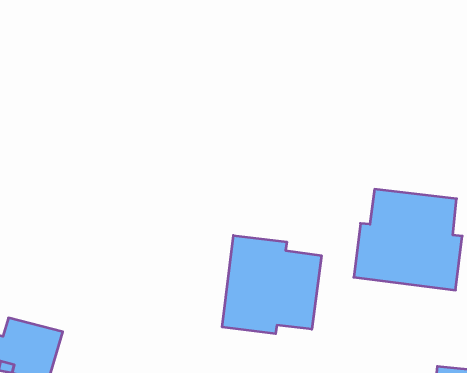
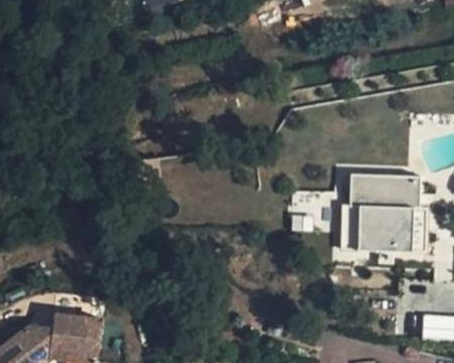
building: [222,235,321,334] -> none

